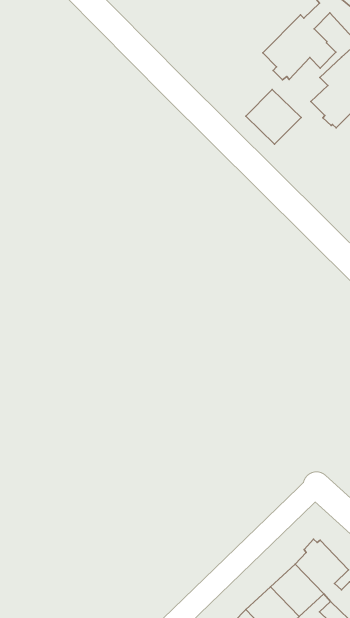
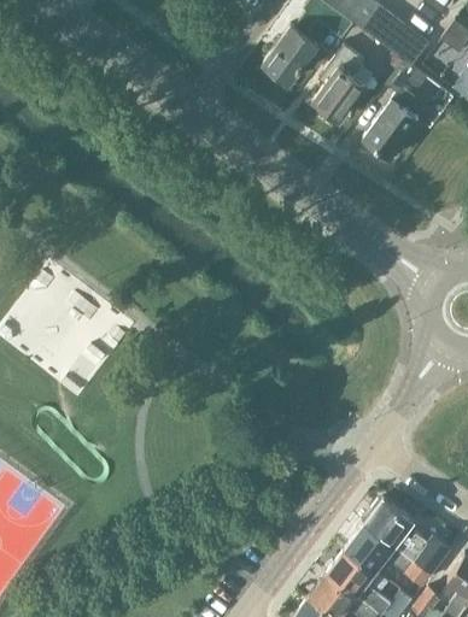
building: [246,90,301,144] -> none

